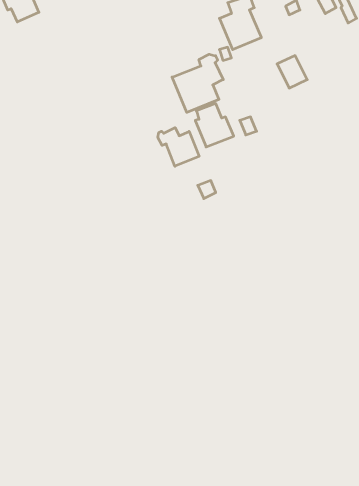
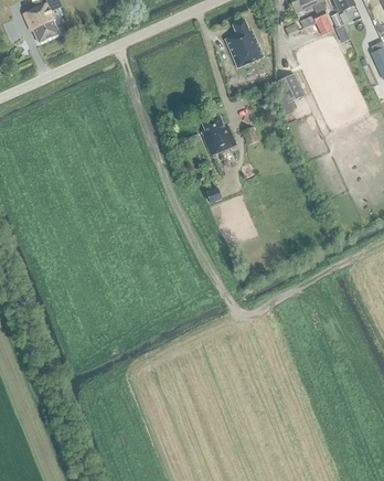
building: [172,54,223,112] -> none
building: [158,128,199,166] -> none

